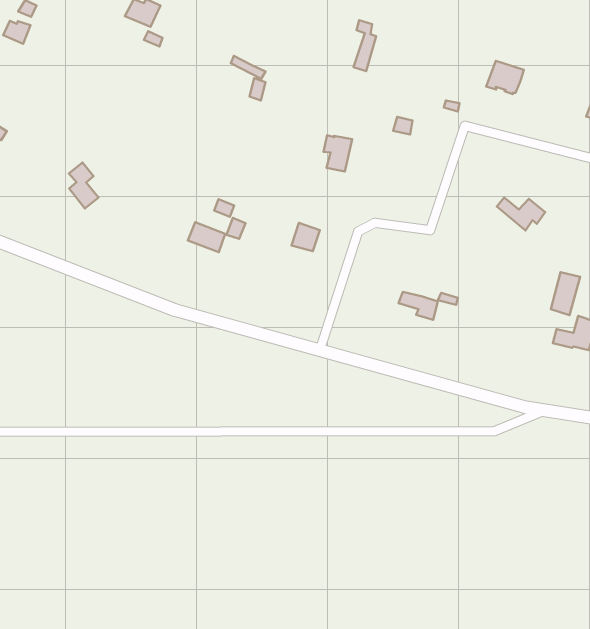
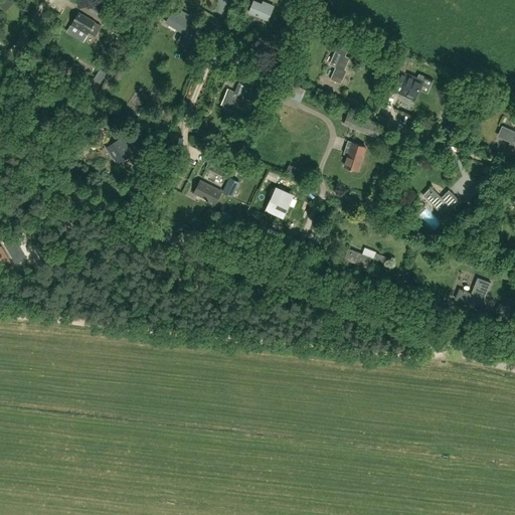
building: [486,61,524,94] -> [393,72,422,99]
building: none -> [222,82,249,117]
building: [324,135,352,171] -> [343,143,365,171]
building: [551,272,580,315] -> none

